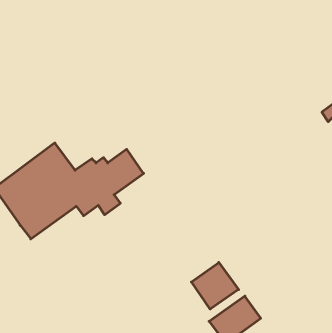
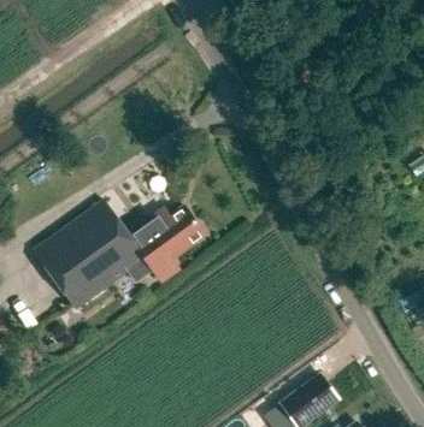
building: [191,262,239,309] -> none

